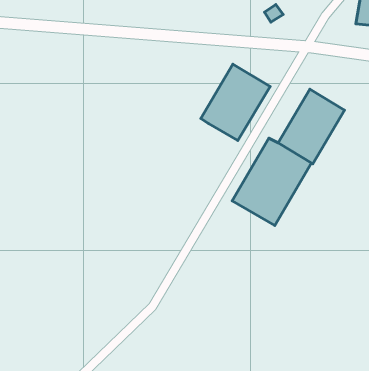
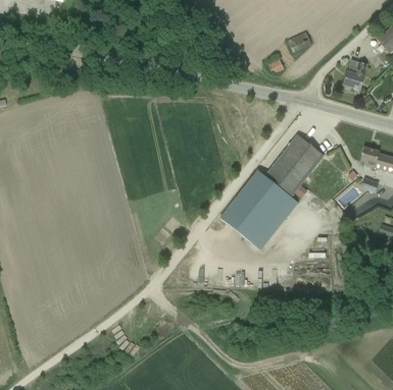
building: [201,64,270,141] -> none

